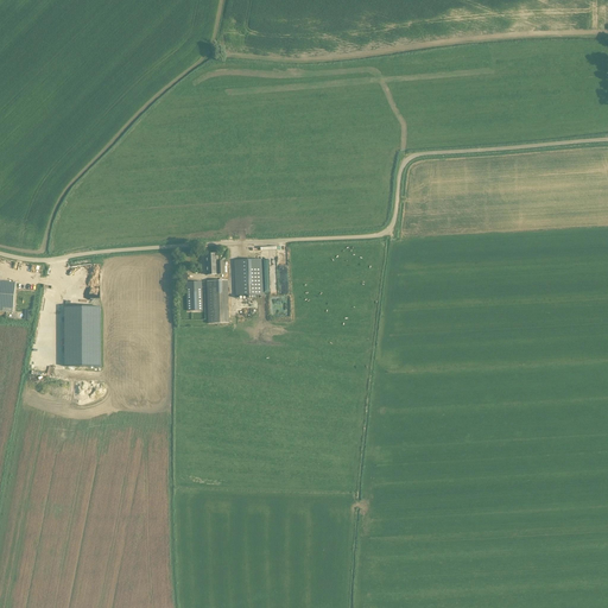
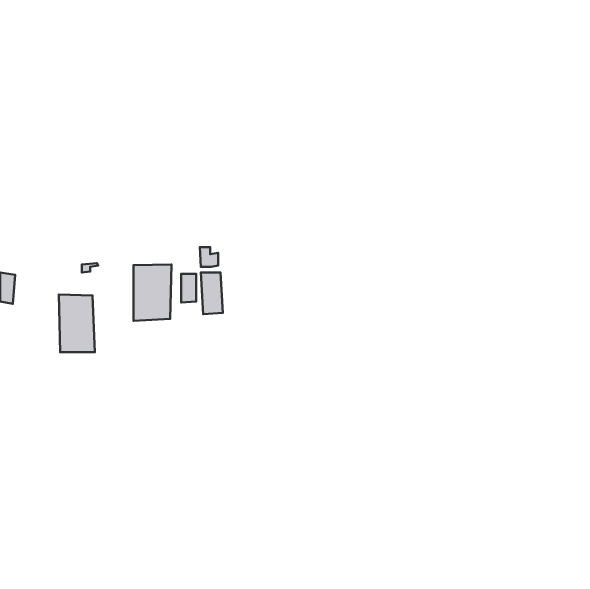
building: [234,259,262,296] -> none
building: none -> [133,265,172,321]

